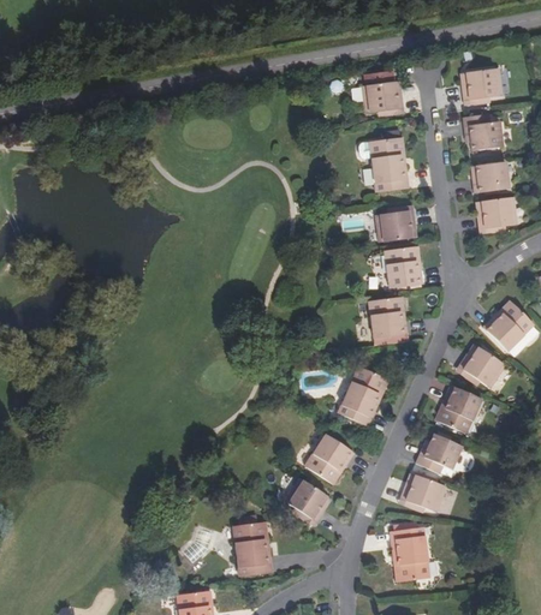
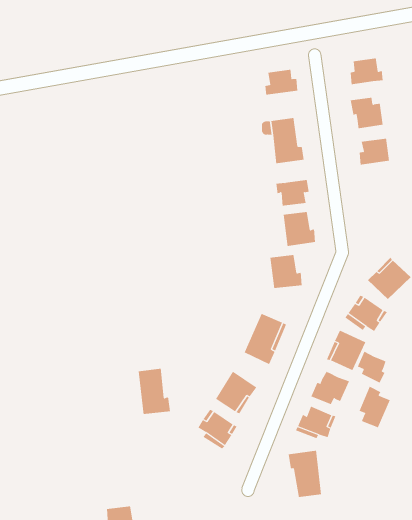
building: [477,198,518,228] -> none
building: none -> [357,351,386,384]
building: none -> [359,386,390,428]
building: [234,521,273,575] -> [138,368,171,414]

